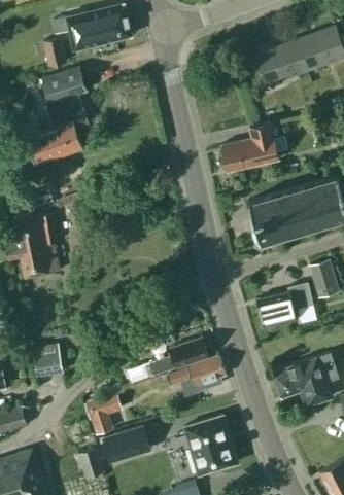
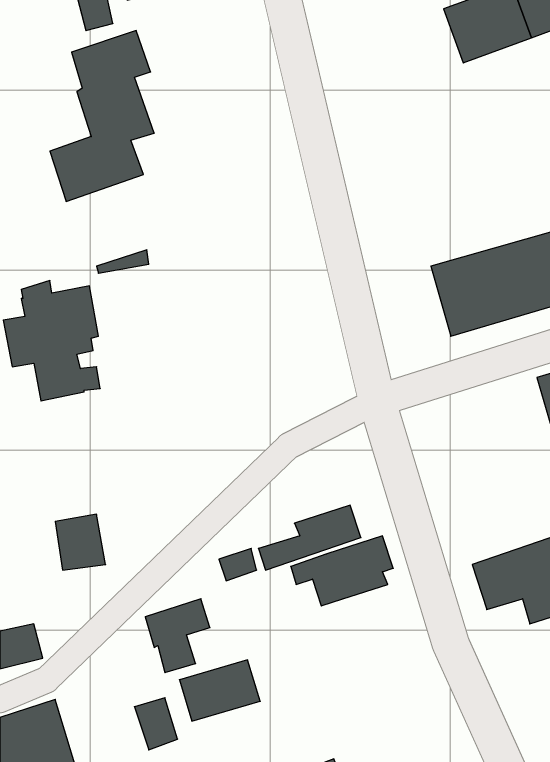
building: [220,122,279,172] -> none
building: [255,283,312,327] -> none
building: [184,415,238,474] -> none

